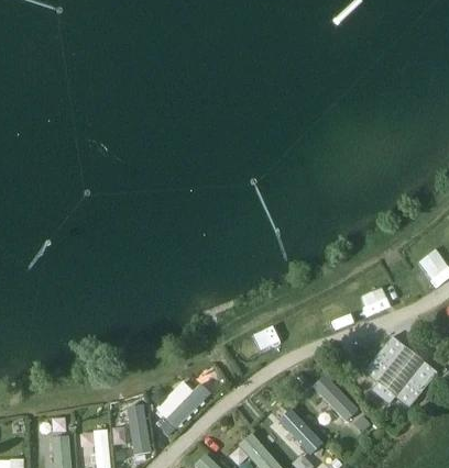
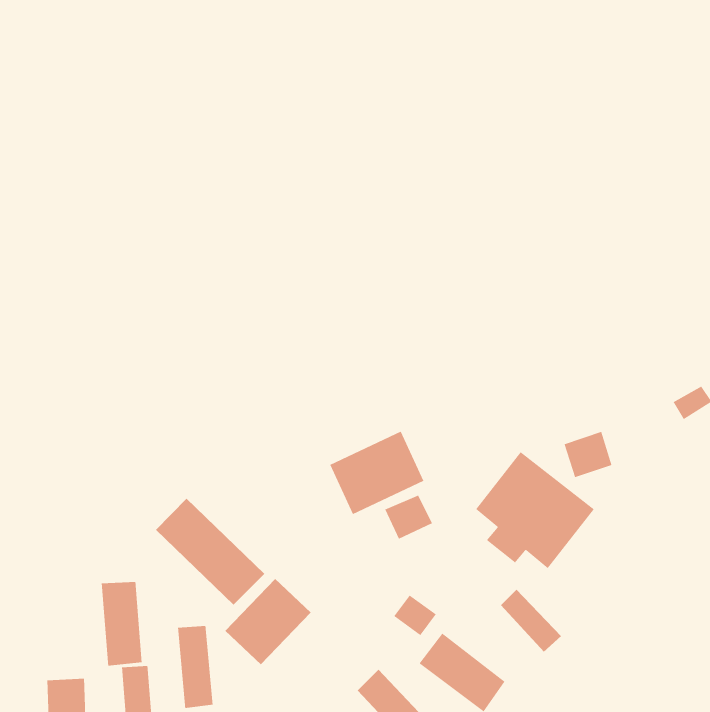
building: none -> [329,430,425,515]
building: none -> [155,498,265,606]
building: [363,337,436,409] -> [475,451,595,569]
building: none -> [101,581,143,666]

